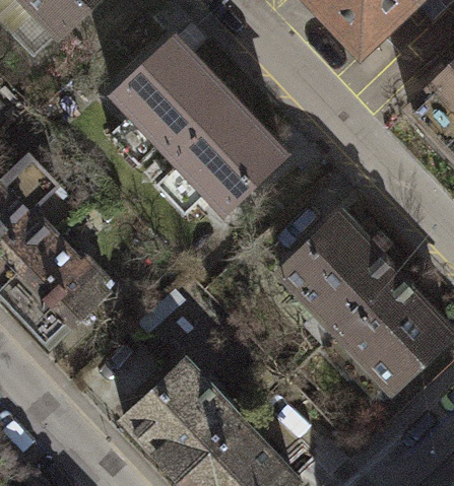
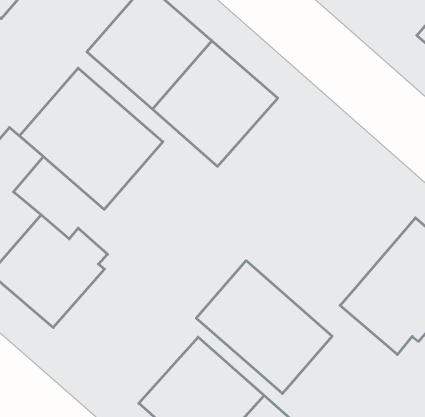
building: none -> [19,68,163,209]
building: [277,211,397,331] -> none
building: none -> [196,261,332,394]

